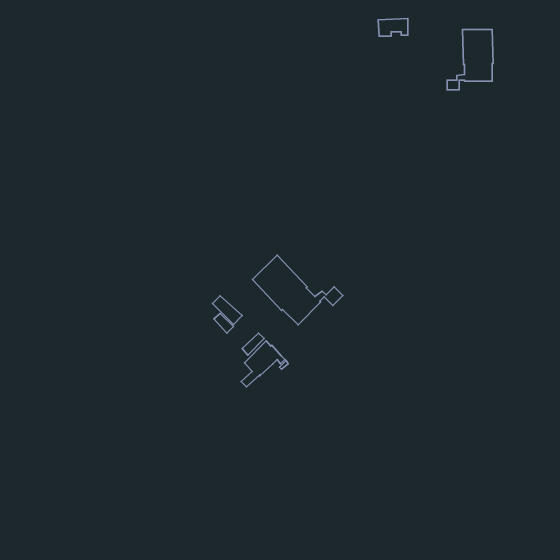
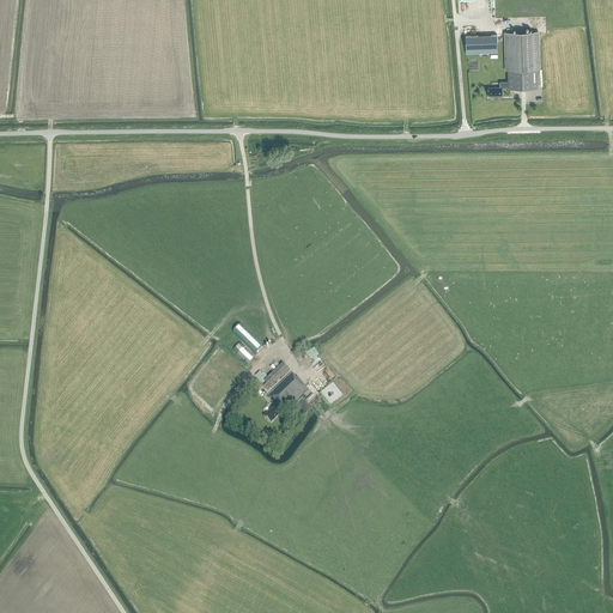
building: [378,19,408,36] -> [465,35,497,54]
building: [253,255,343,325] -> none

